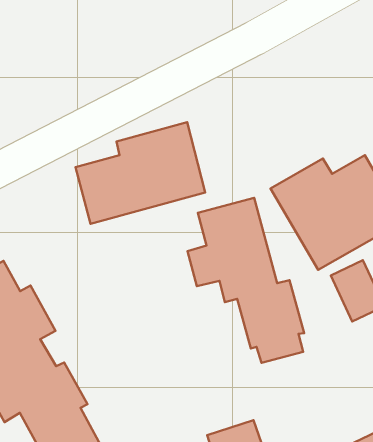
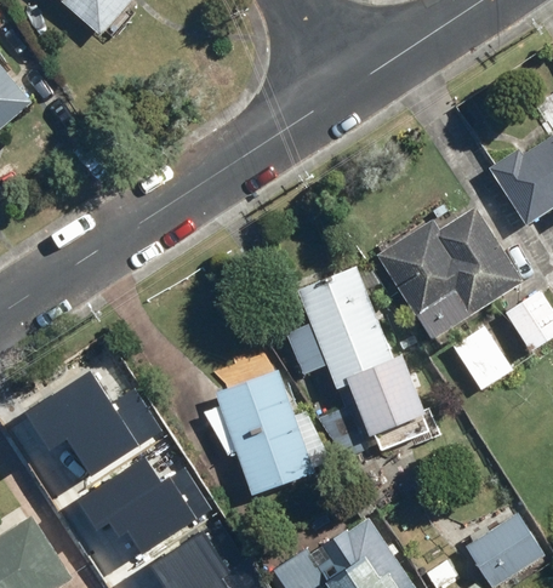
building: [75,122,205,224] -> none
building: none -> [207,371,330,501]

